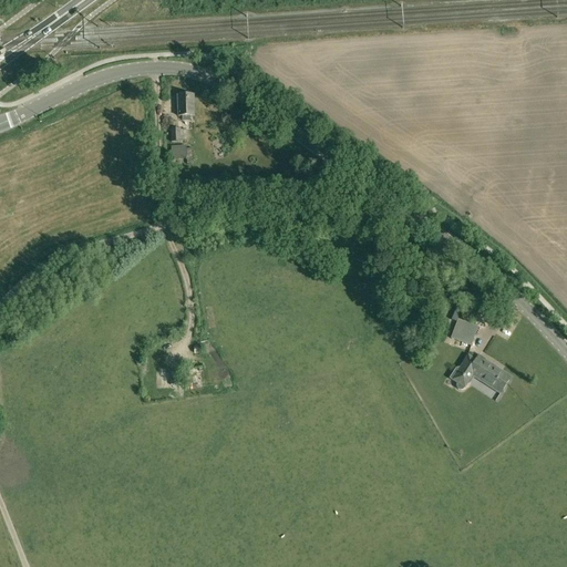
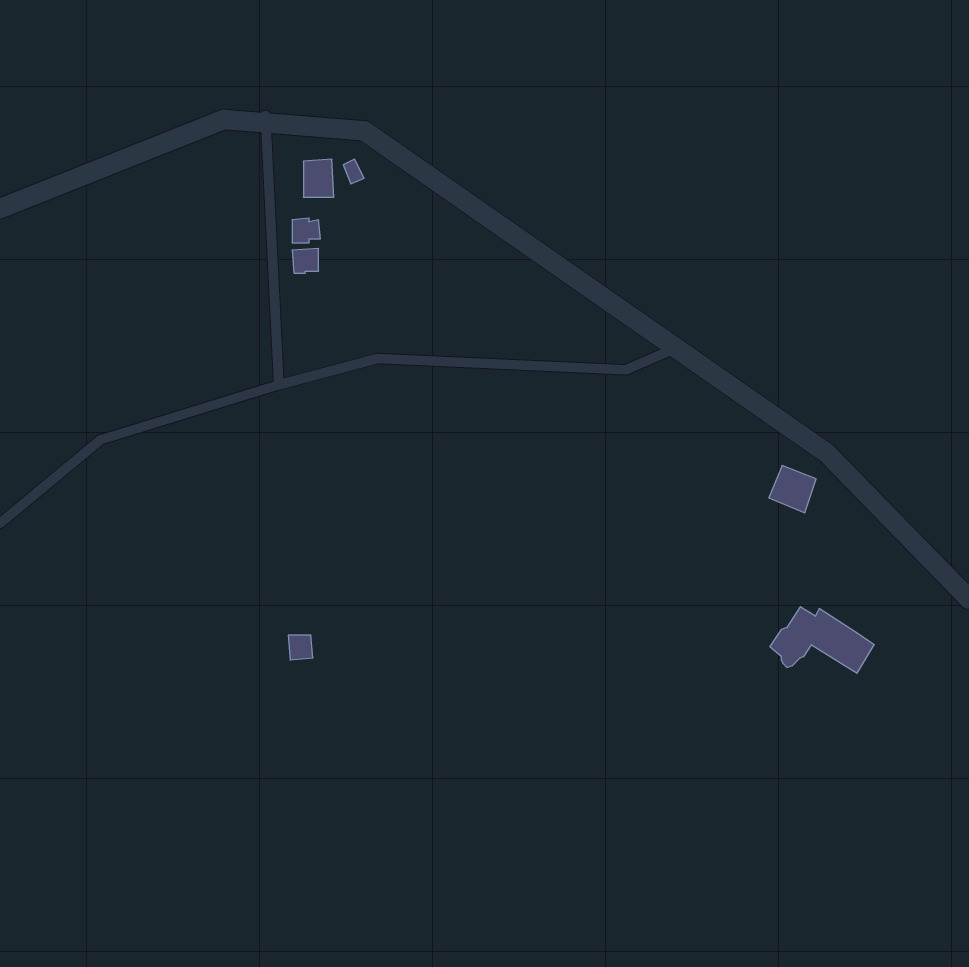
building: [451,318,478,346] -> [769,465,816,513]

